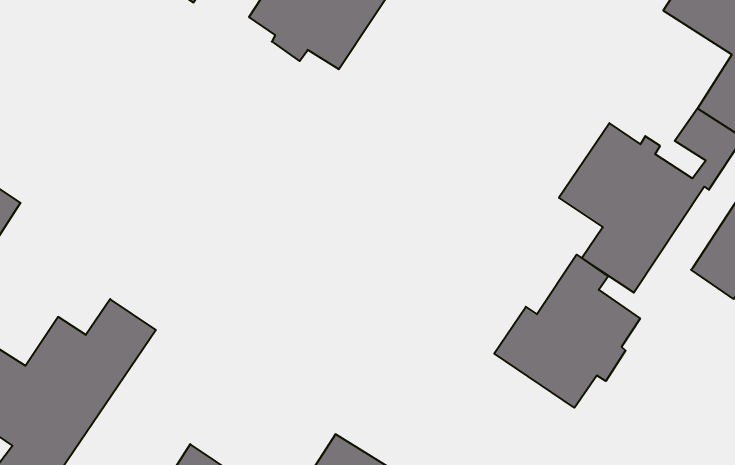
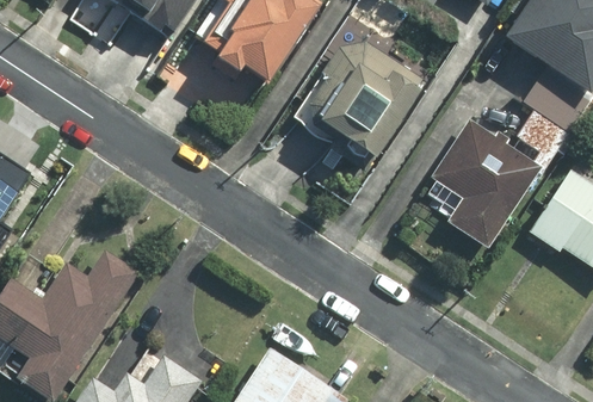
building: none -> [310,41,420,173]
building: [494,255,640,408] -> none

